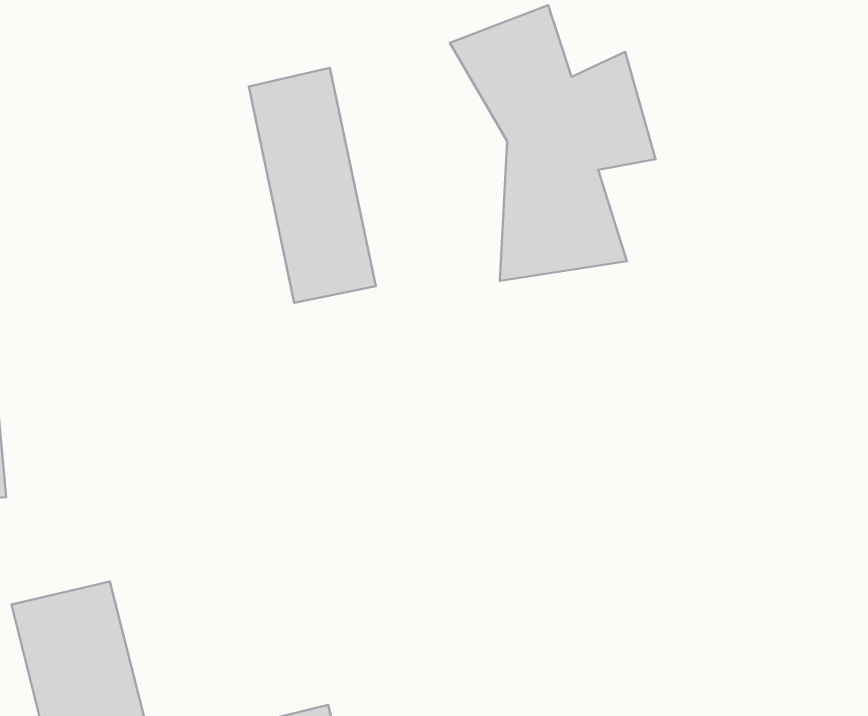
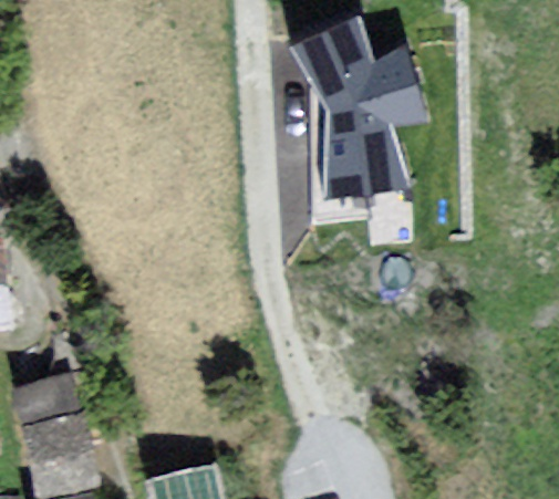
building: [249,68,376,303] -> none

